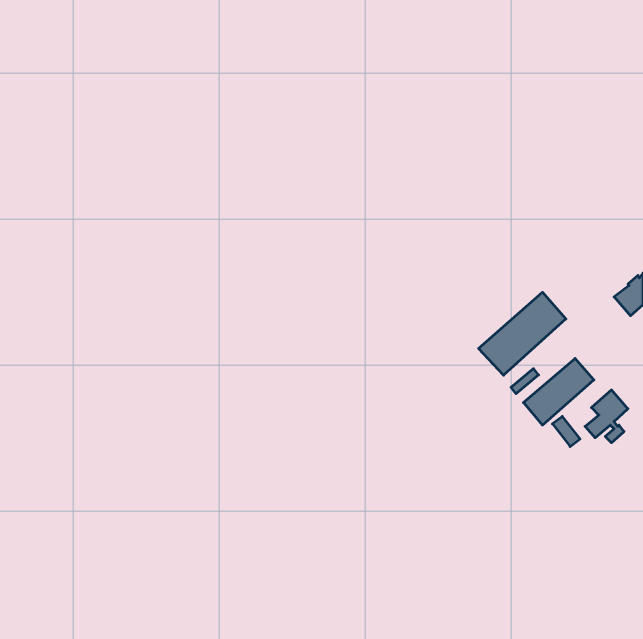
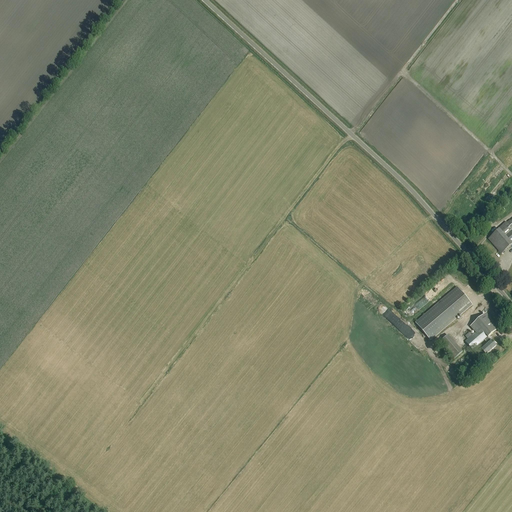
building: [479,292,566,375] -> none

